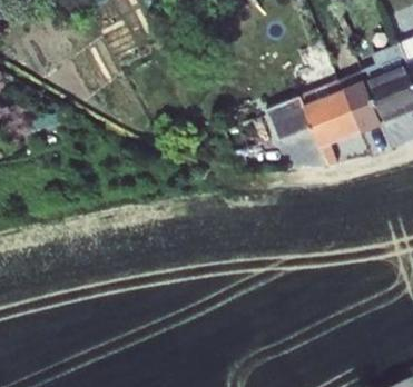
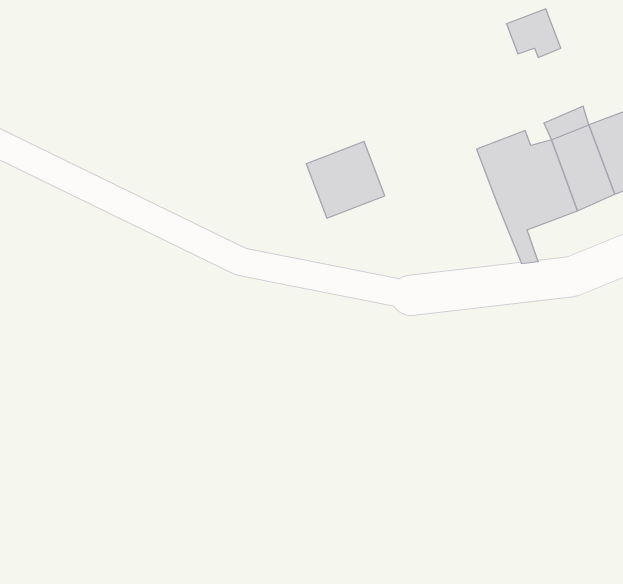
building: [264,96,311,141] -> [306,141,385,218]

